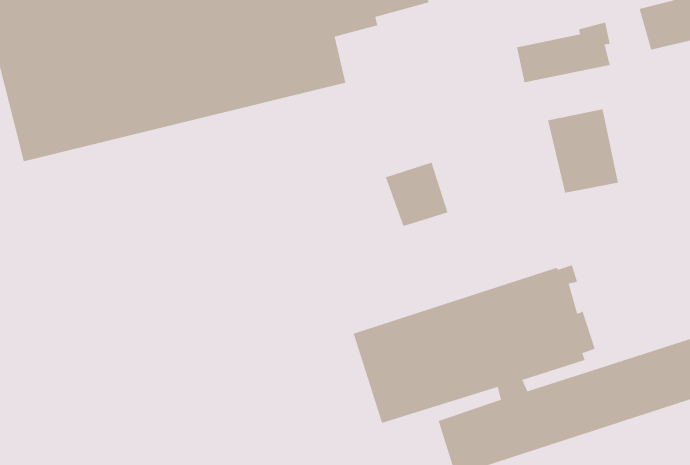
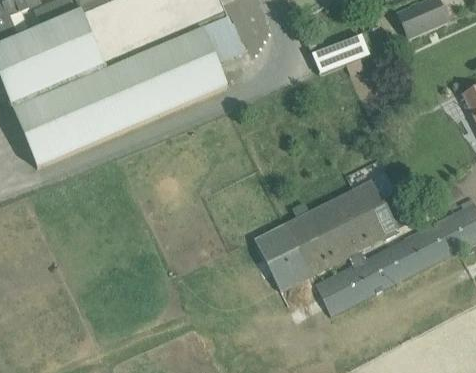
building: [547,108,619,193] -> none
building: [385,162,448,227] -> none

